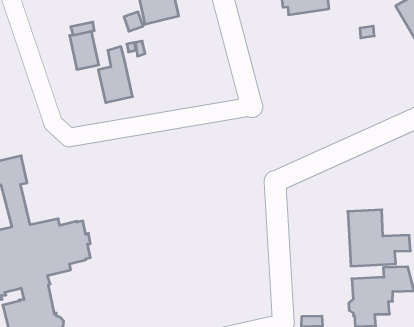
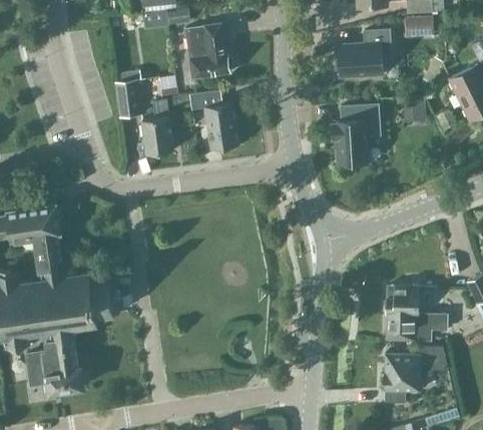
building: none -> [191,92,237,150]
building: none -> [331,104,379,167]

